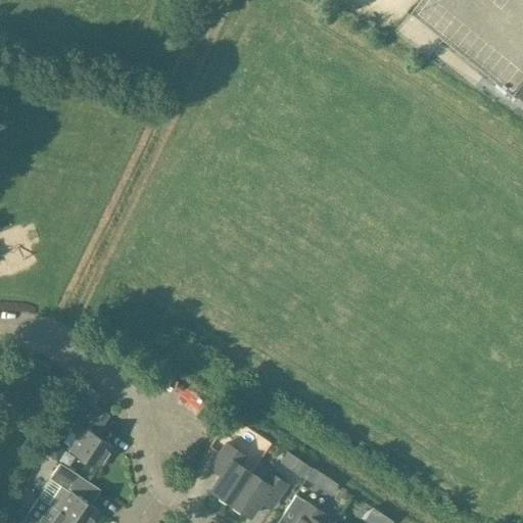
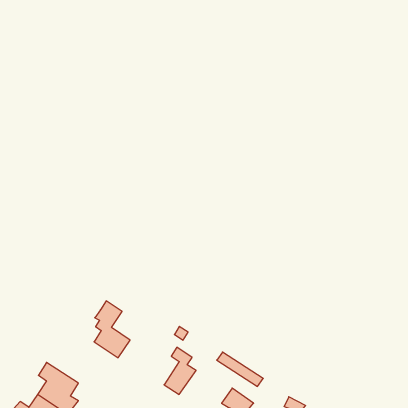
building: [68,398,114,471] -> [94,301,130,358]
building: [230,473,287,518] -> none

